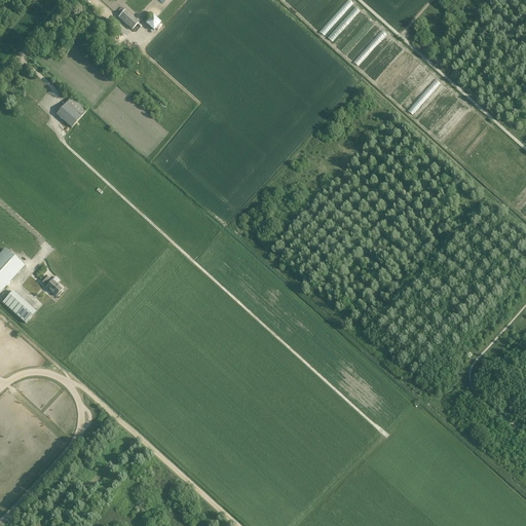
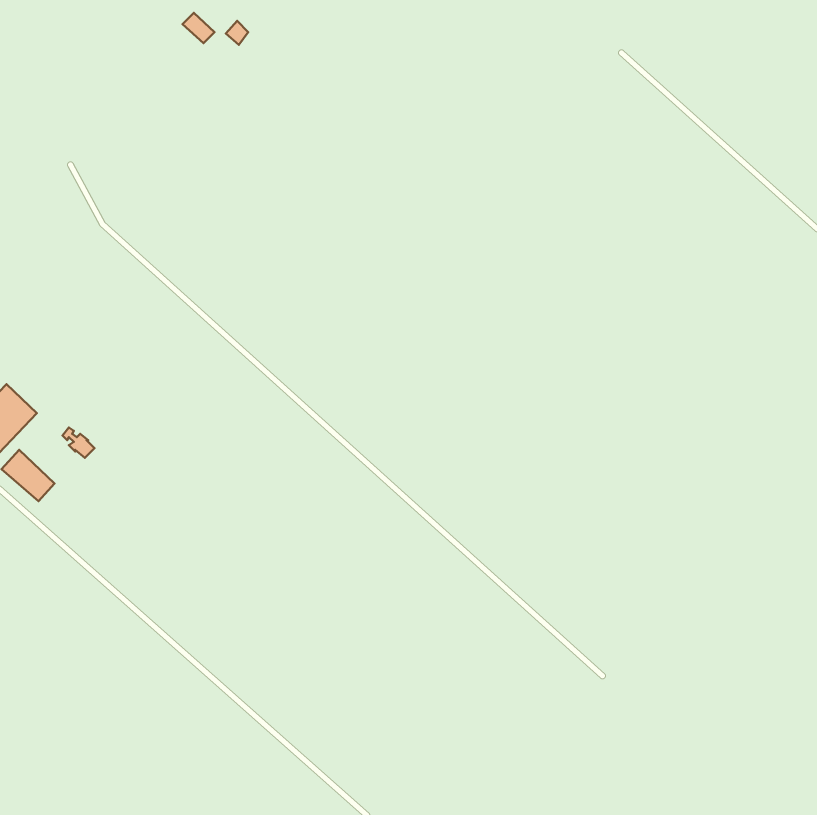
building: [54,96,85,126] -> none

